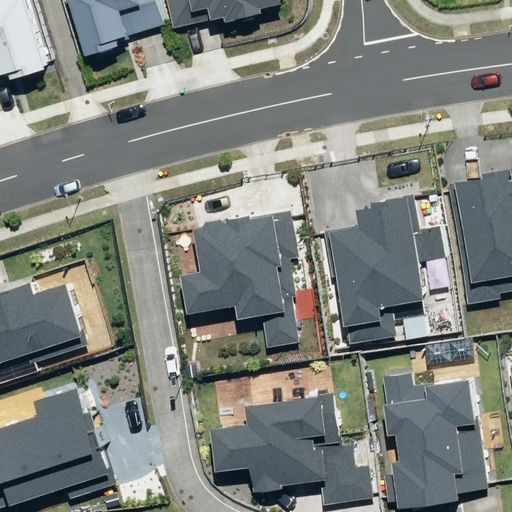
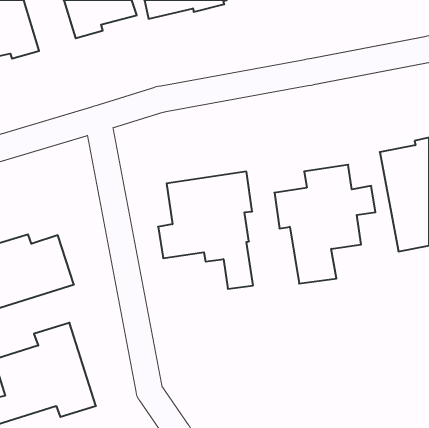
building: [384,372,486,505] -> none
building: [215,395,372,503] -> none

